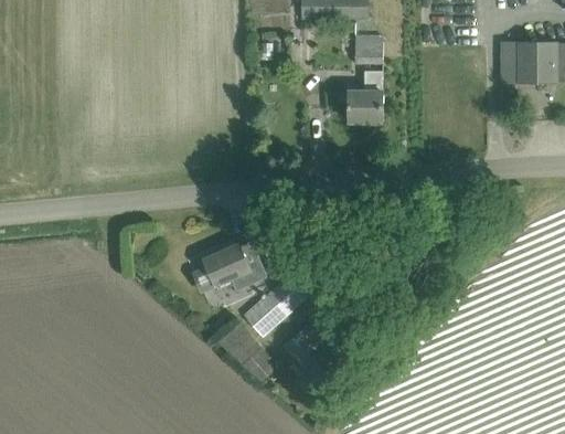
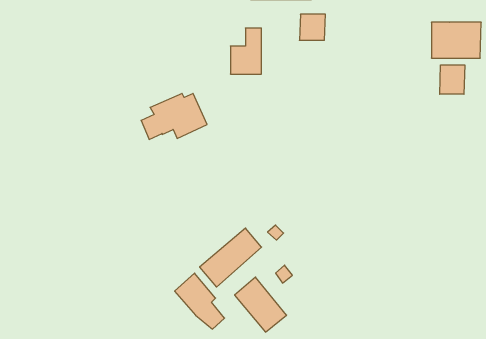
building: [349,71,383,121] -> [230,28,261,74]
building: none -> [440,65,465,94]
building: [193,243,266,294] -> [141,93,207,139]

